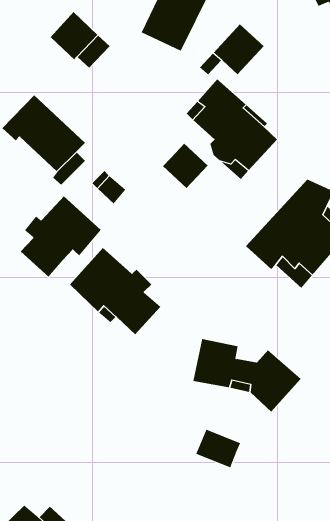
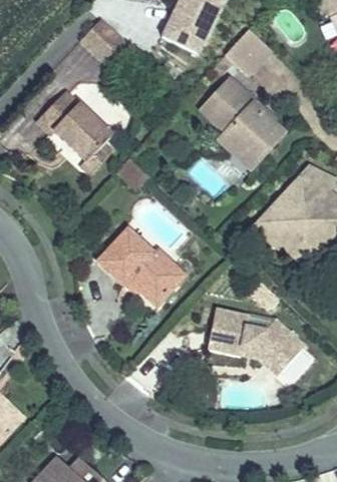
building: [162,143,208,189] -> none
building: [20,196,102,277] -> none
building: [196,429,241,468] -> none

